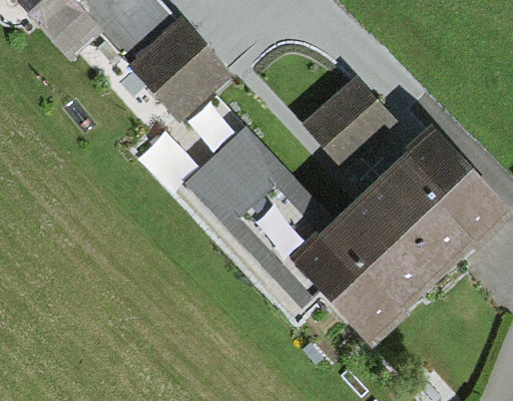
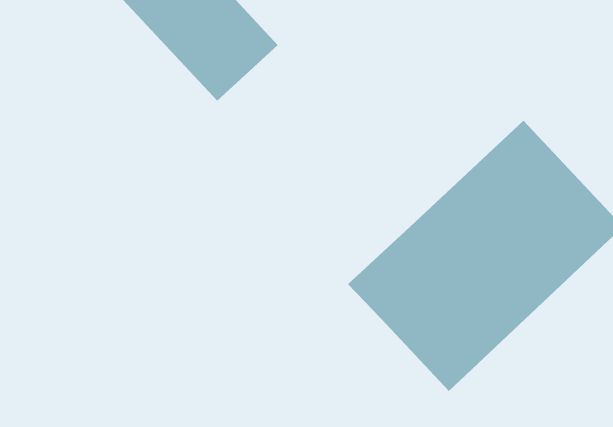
building: [299,73,388,160] -> none
building: [181,121,336,307] -> none

